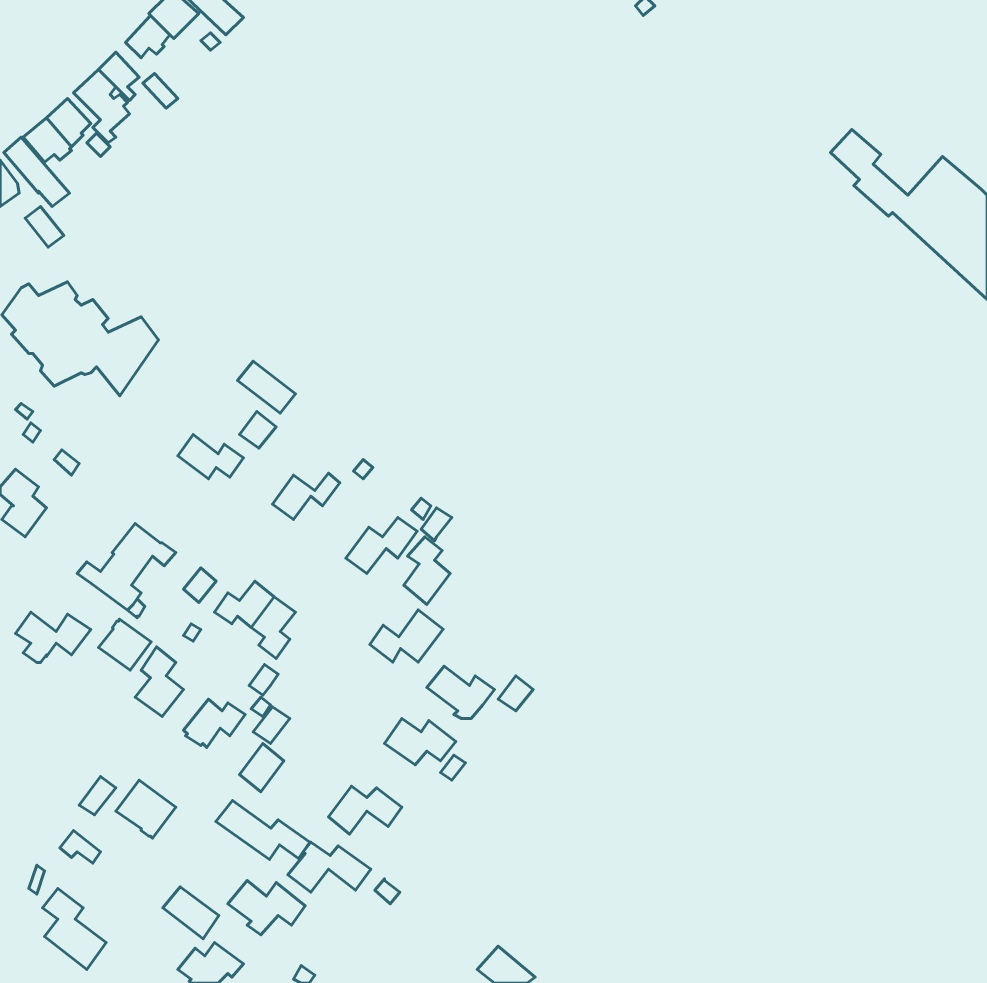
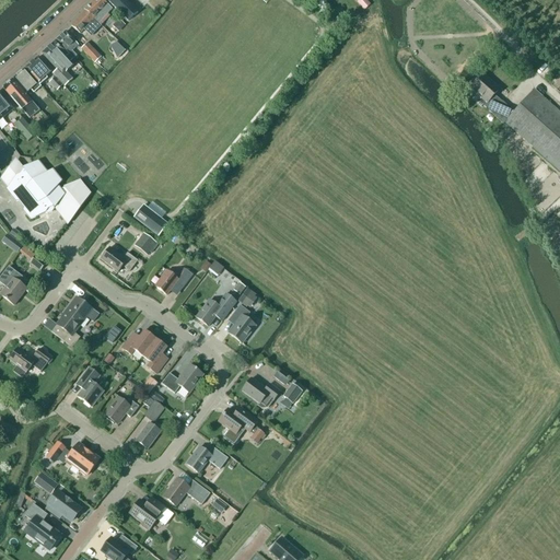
building: [370,610,443,662] -> [162,363,203,393]
building: [99,619,151,670] -> none
building: [216,801,310,859] -> none
building: [163,887,219,939] -> [48,491,80,521]

